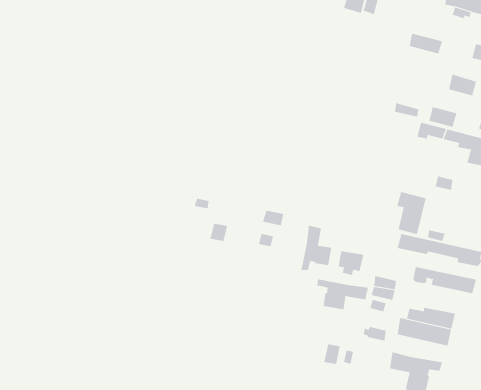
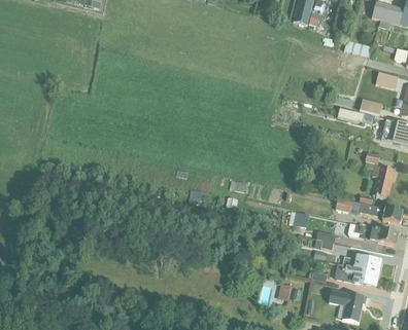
building: [396,192,427,235] -> [371,163,395,197]
building: [301,225,332,271] -> none
building: [317,279,368,310] -> none

